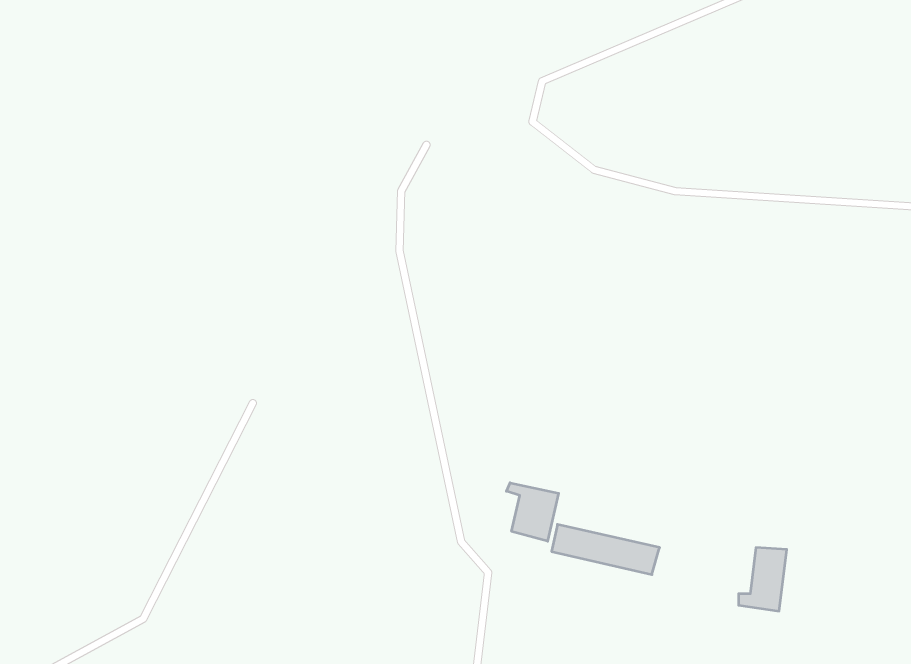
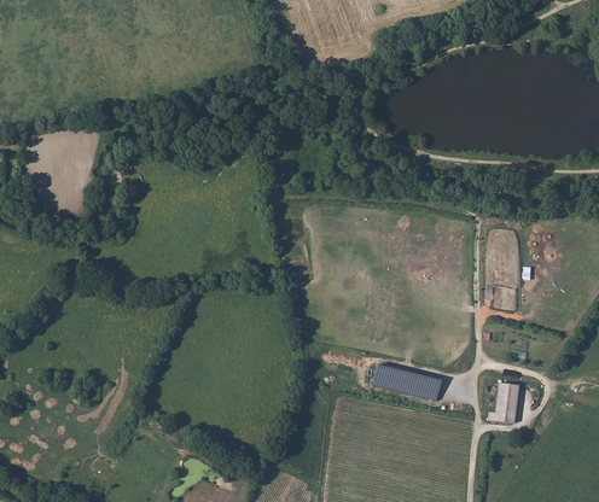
building: [506,483,559,541] -> none

